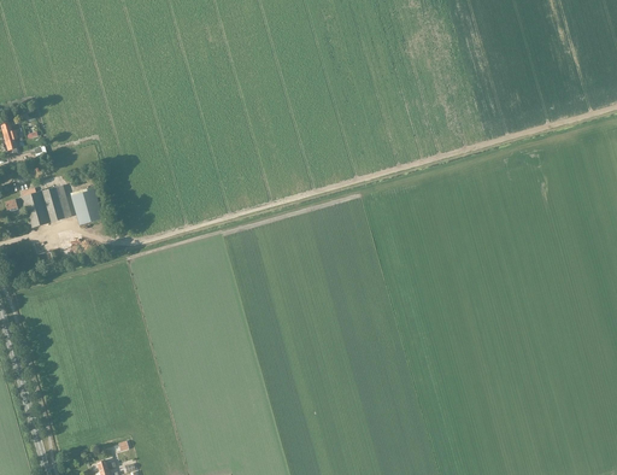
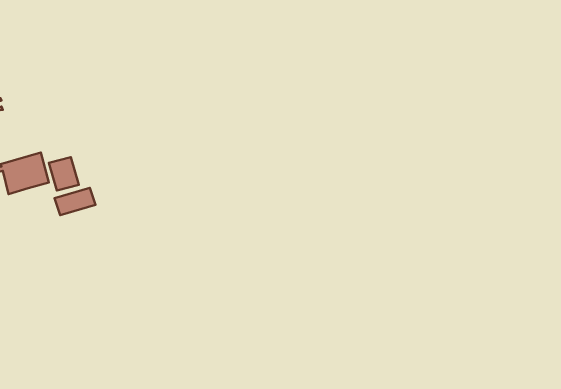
building: none -> [55,188,96,215]

